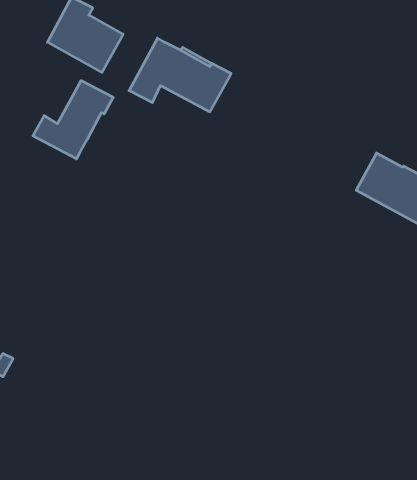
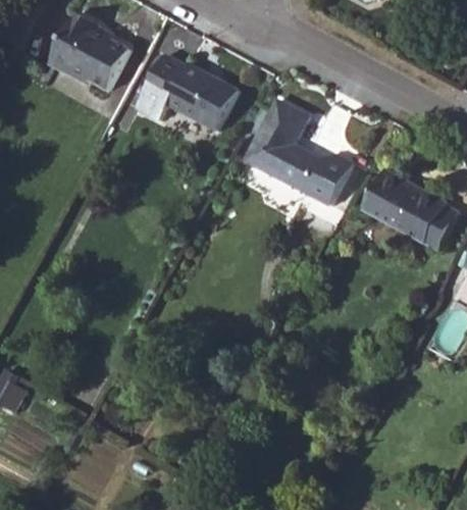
building: [33,81,113,159] -> none
building: none -> [244,99,351,205]

